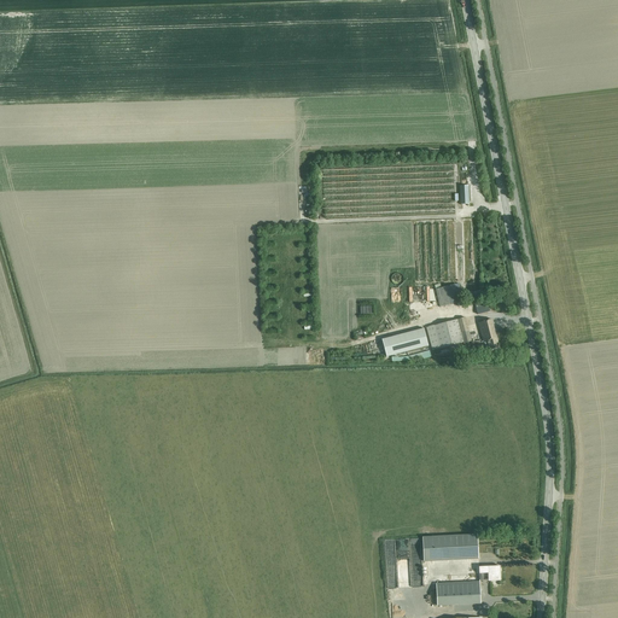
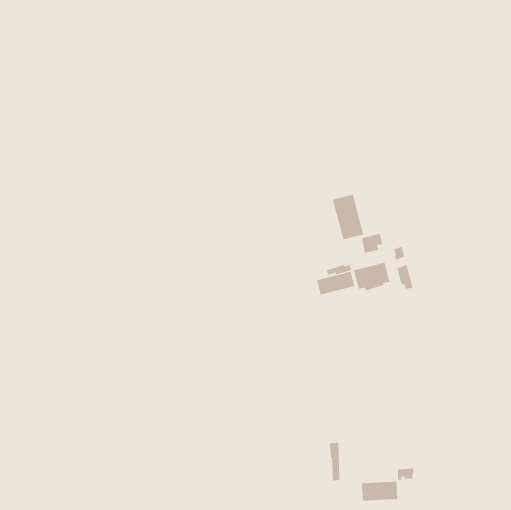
building: none -> [332,194,364,240]
building: [422,534,478,560] -> none

